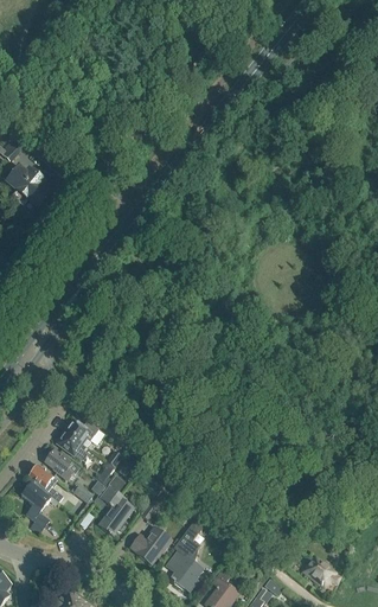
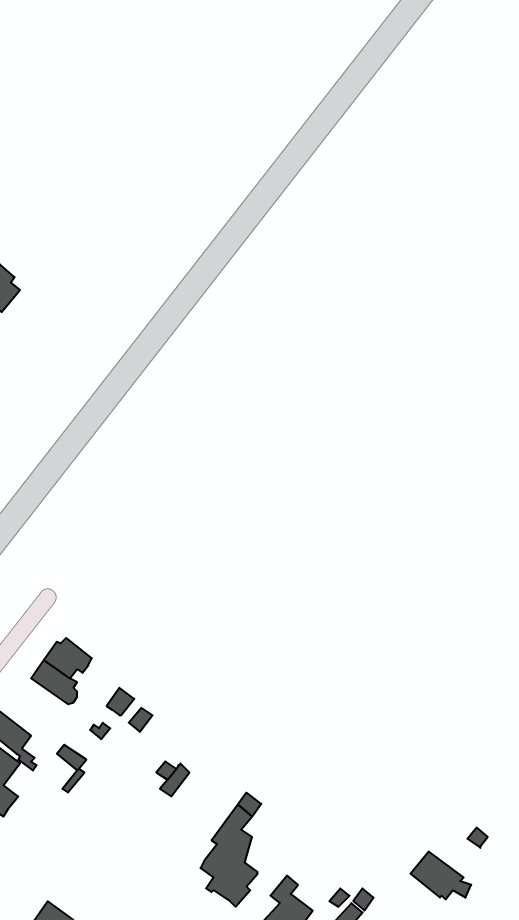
building: [44,449,79,480] -> none
building: [98,474,133,536] -> none
building: [129,525,172,564] -> none

